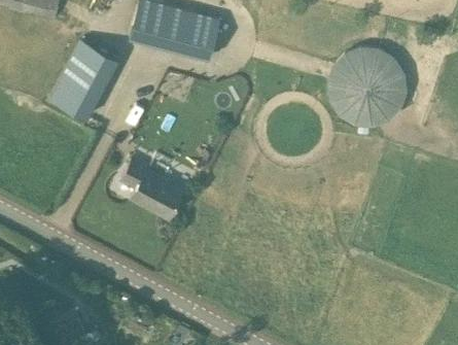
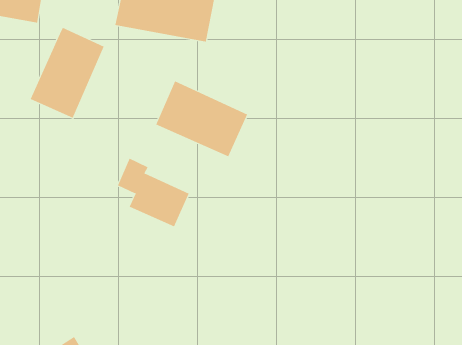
building: [327,45,408,126] -> none
building: none -> [155,80,248,157]

